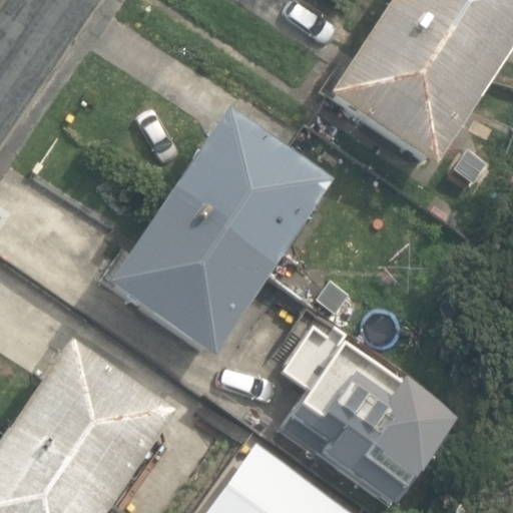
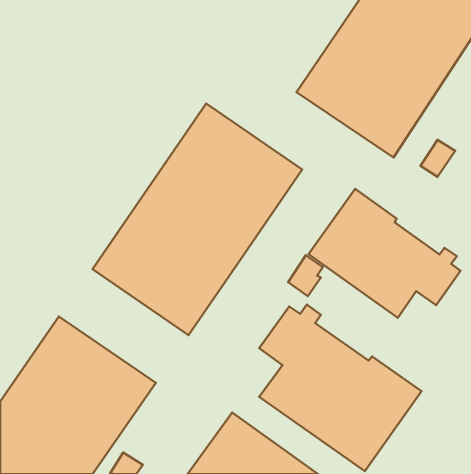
building: none -> [308,189,460,318]

